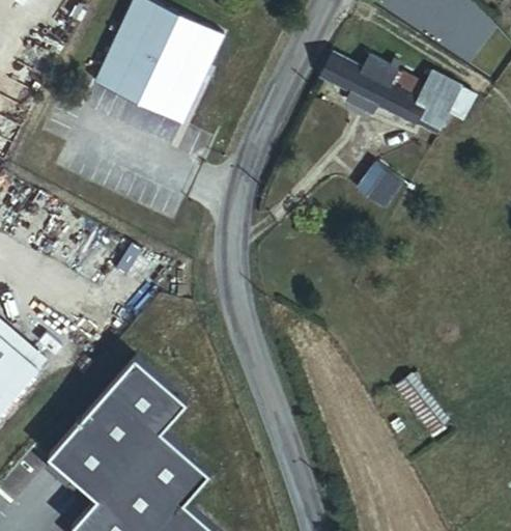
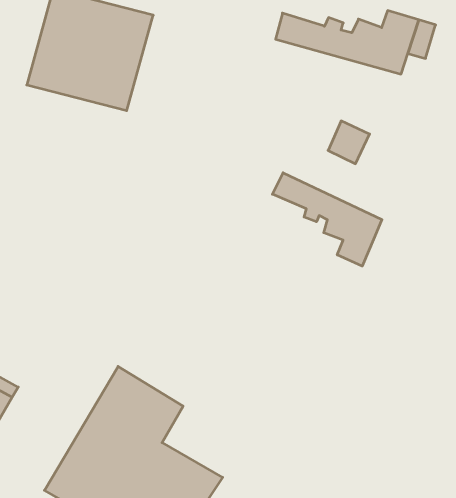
building: none -> [272,173,382,266]

